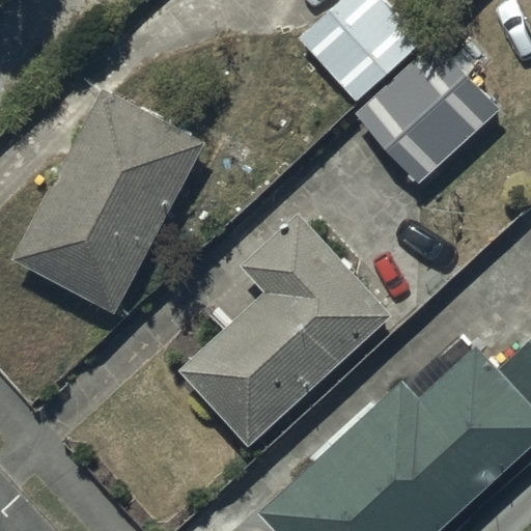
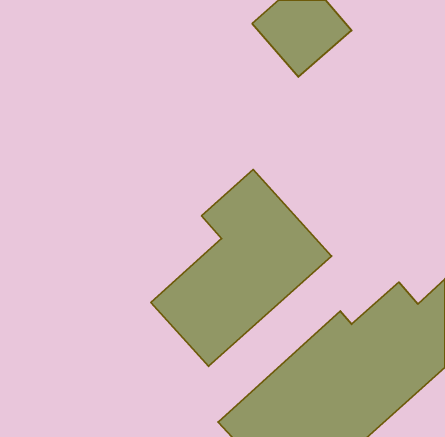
building: [355,50,499,186] -> none
building: [12,90,203,312] -> none

